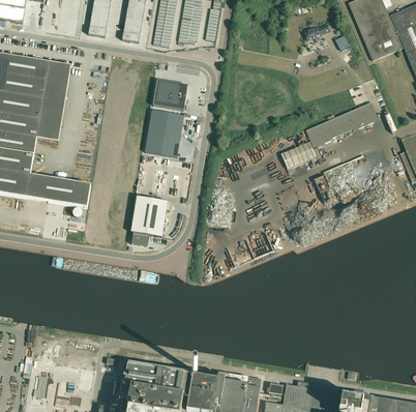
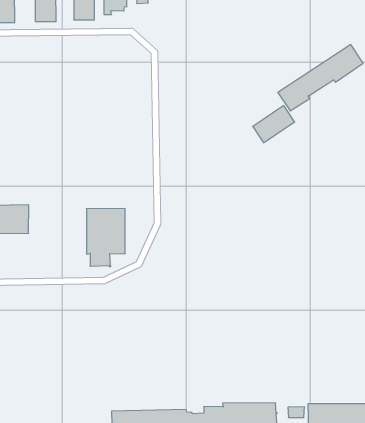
building: [153,79,187,109] -> none
building: [146,115,183,156] -> none

